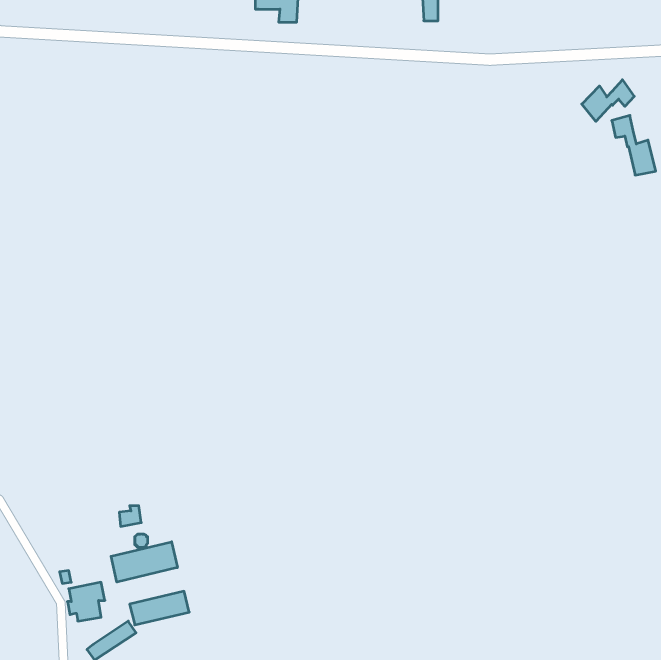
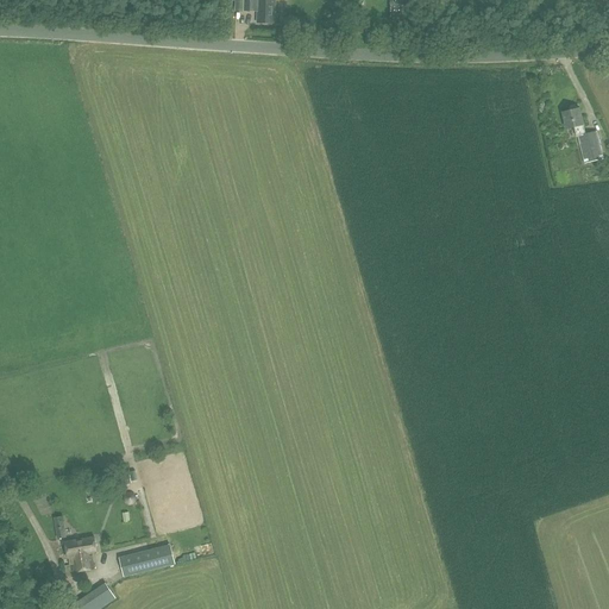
building: [582,80,634,121] -> none
building: [111,542,177,582] -> none

